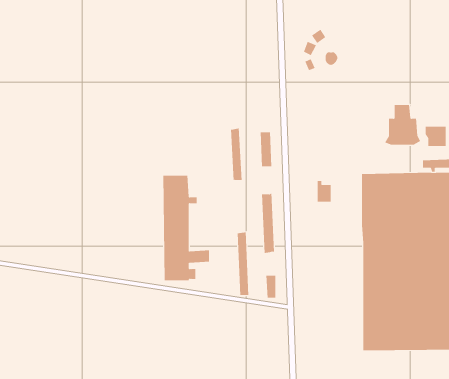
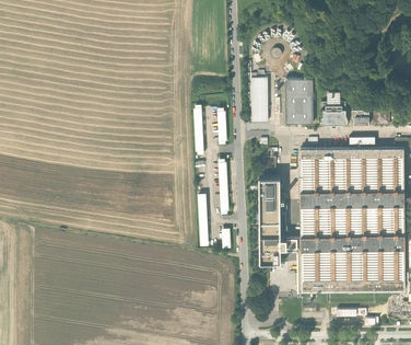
building: none -> [250,78,267,120]
building: none -> [284,79,313,123]
building: [163,175,210,281] -> [259,175,297,261]

